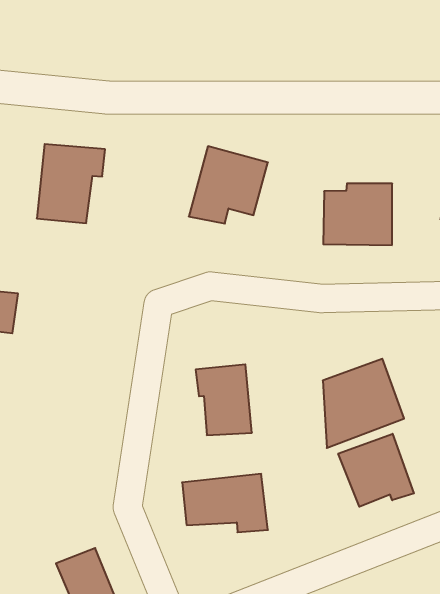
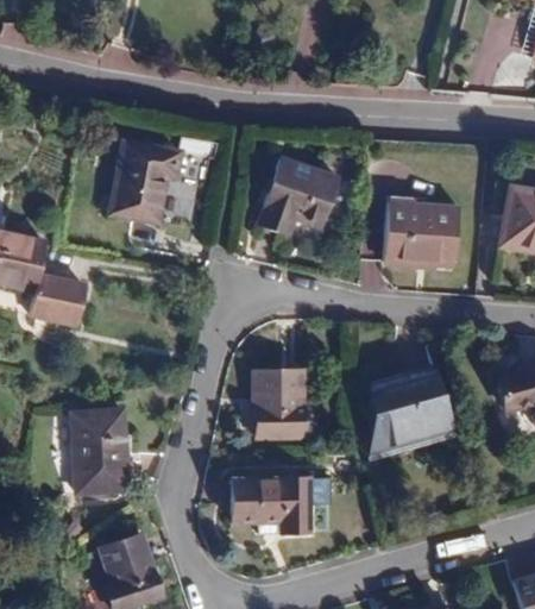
building: none -> [73,410,130,494]
building: [338,434,414,507] -> none

